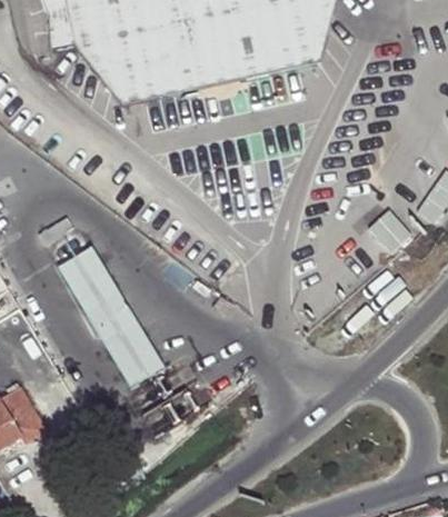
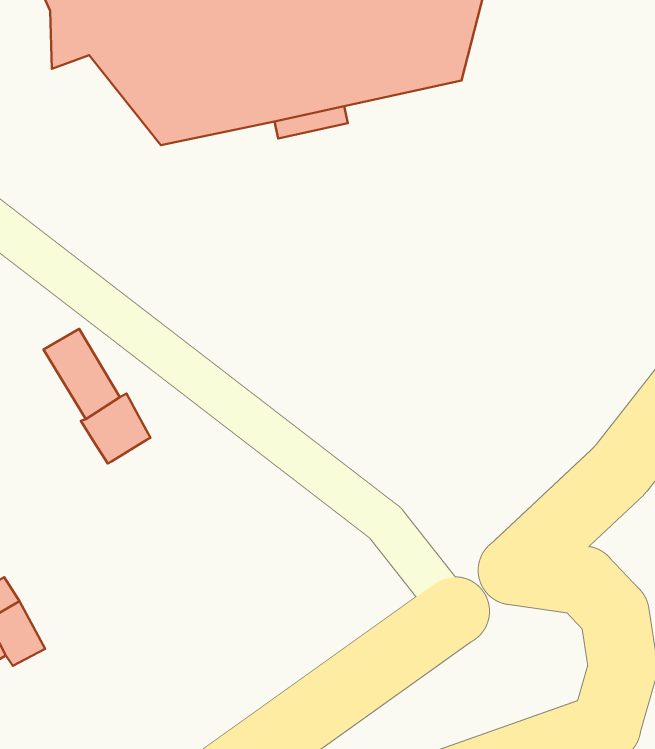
building: [90,296,158,384] -> none

